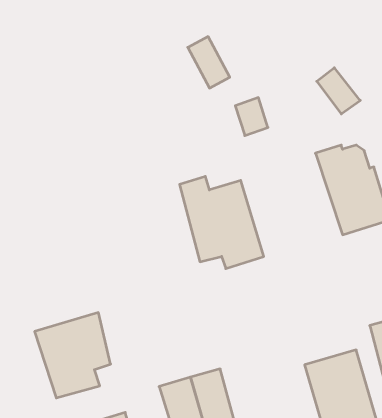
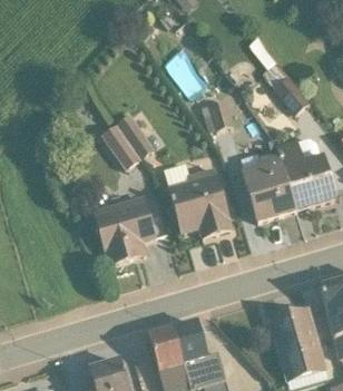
building: none -> [105,115,157,169]
building: none -> [243,151,298,224]
building: [35,313,111,398] -> [92,195,155,265]

